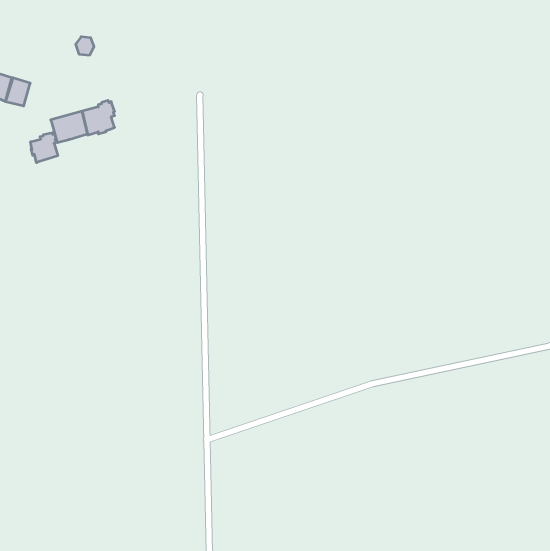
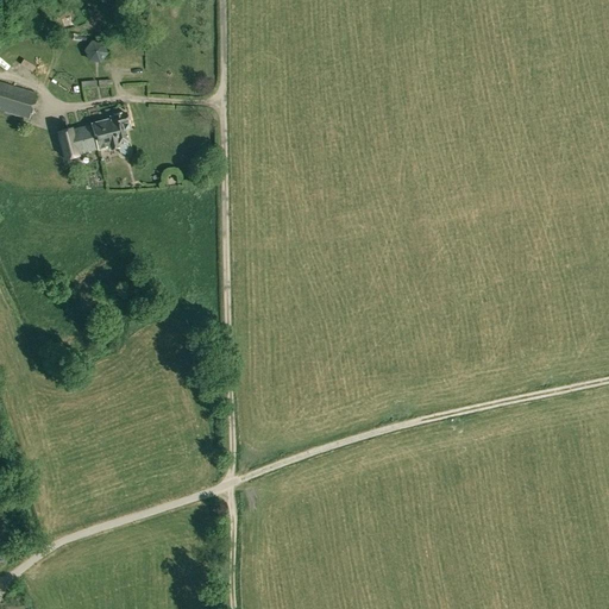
building: [31,133,58,163] -> none

